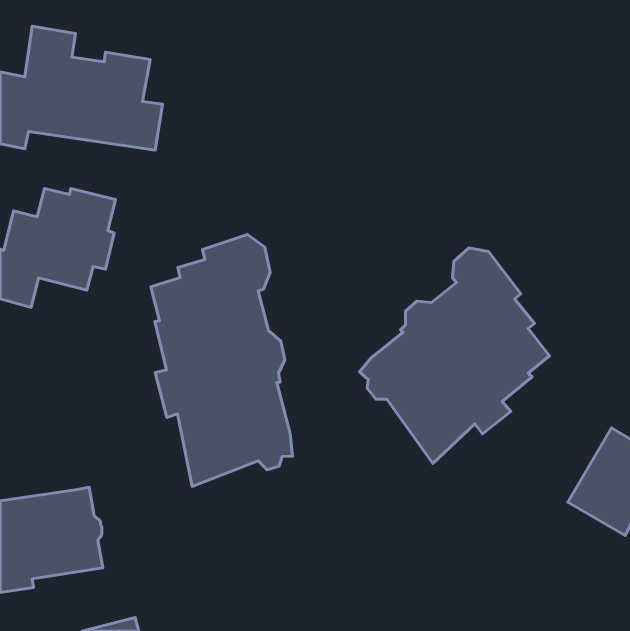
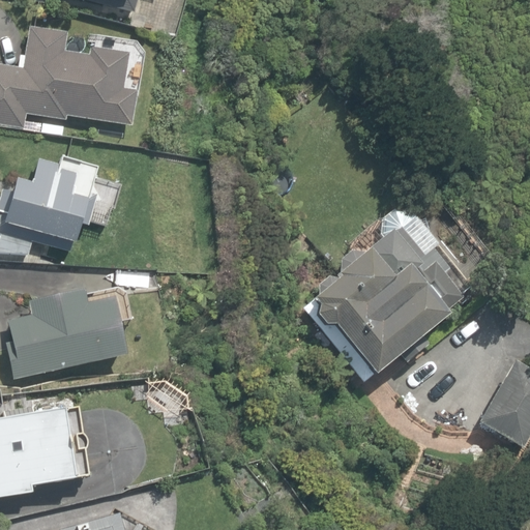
building: [151,235,292,487] -> none
building: none -> [7,290,127,379]

